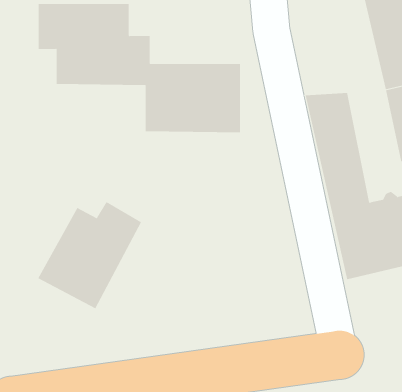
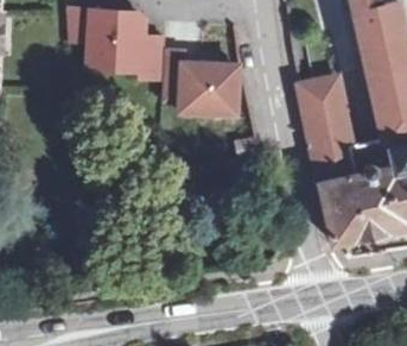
building: [38,201,142,309] -> none

